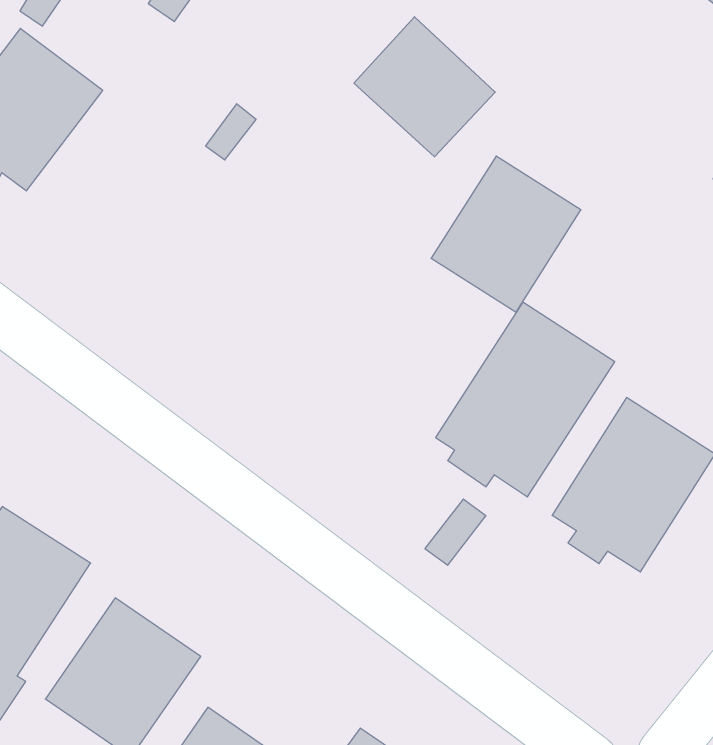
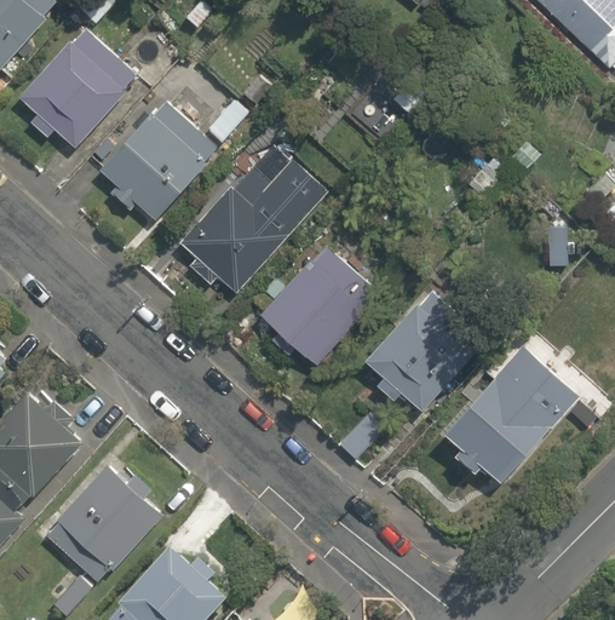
building: none -> [96,93,225,223]
building: [431,156,581,312] -> [260,243,377,362]
building: none -> [179,147,328,291]

